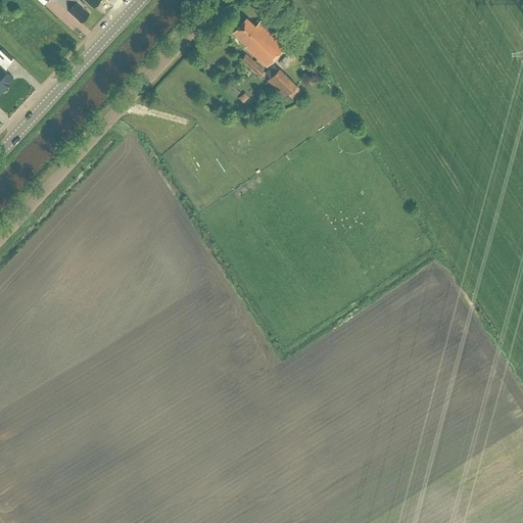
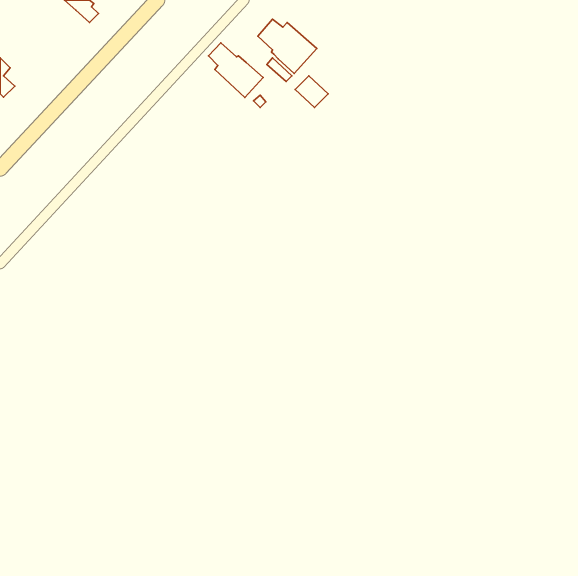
building: none -> [208,43,263,98]

